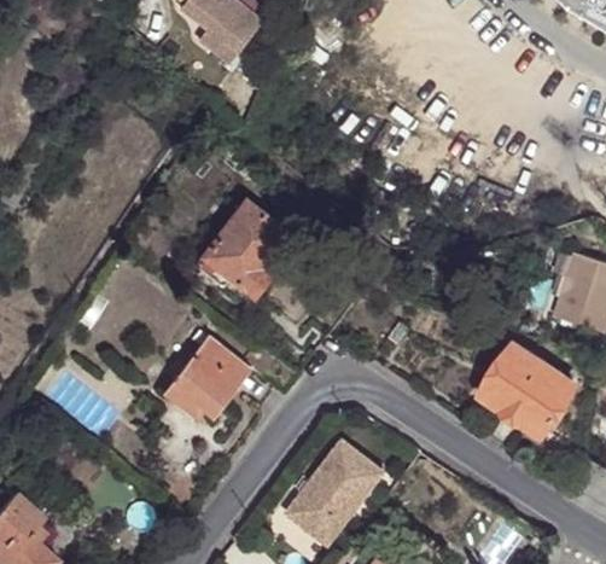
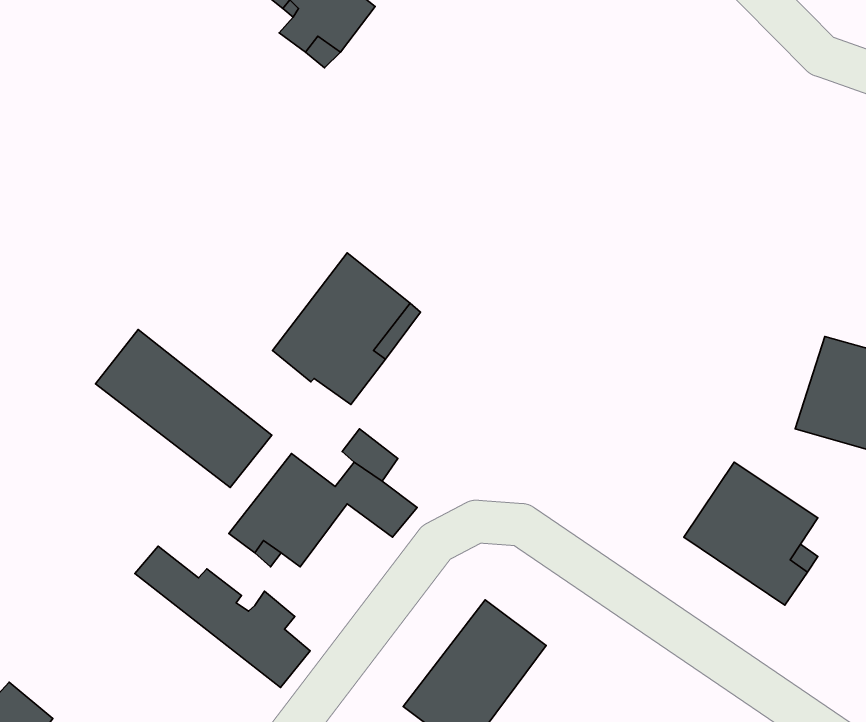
building: none -> [96,330,272,487]
building: none -> [135,546,310,687]

